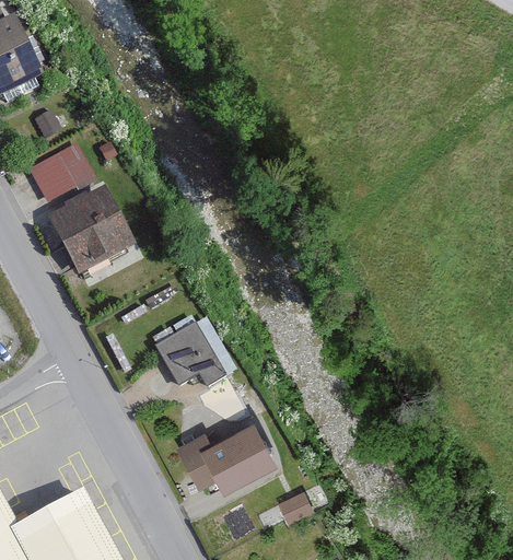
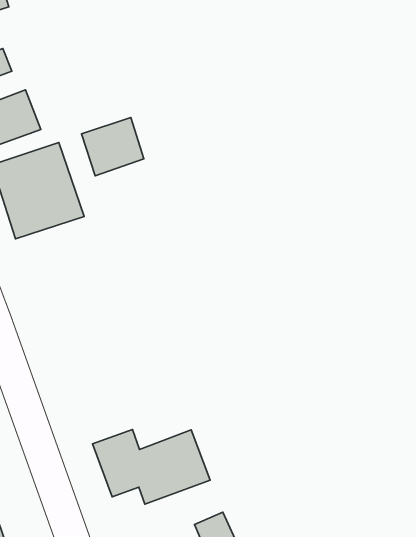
building: none -> [81,118,144,176]
building: [154,324,223,386] -> none

